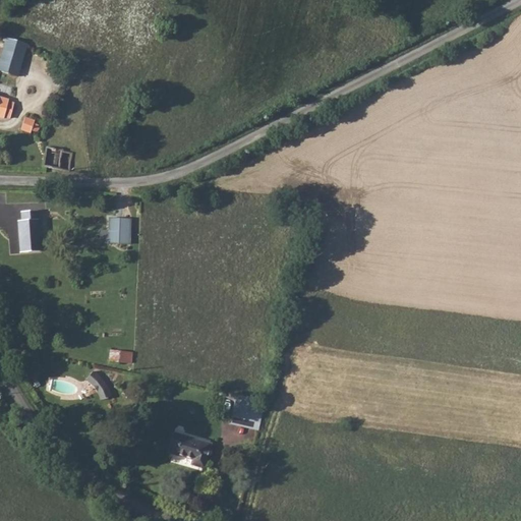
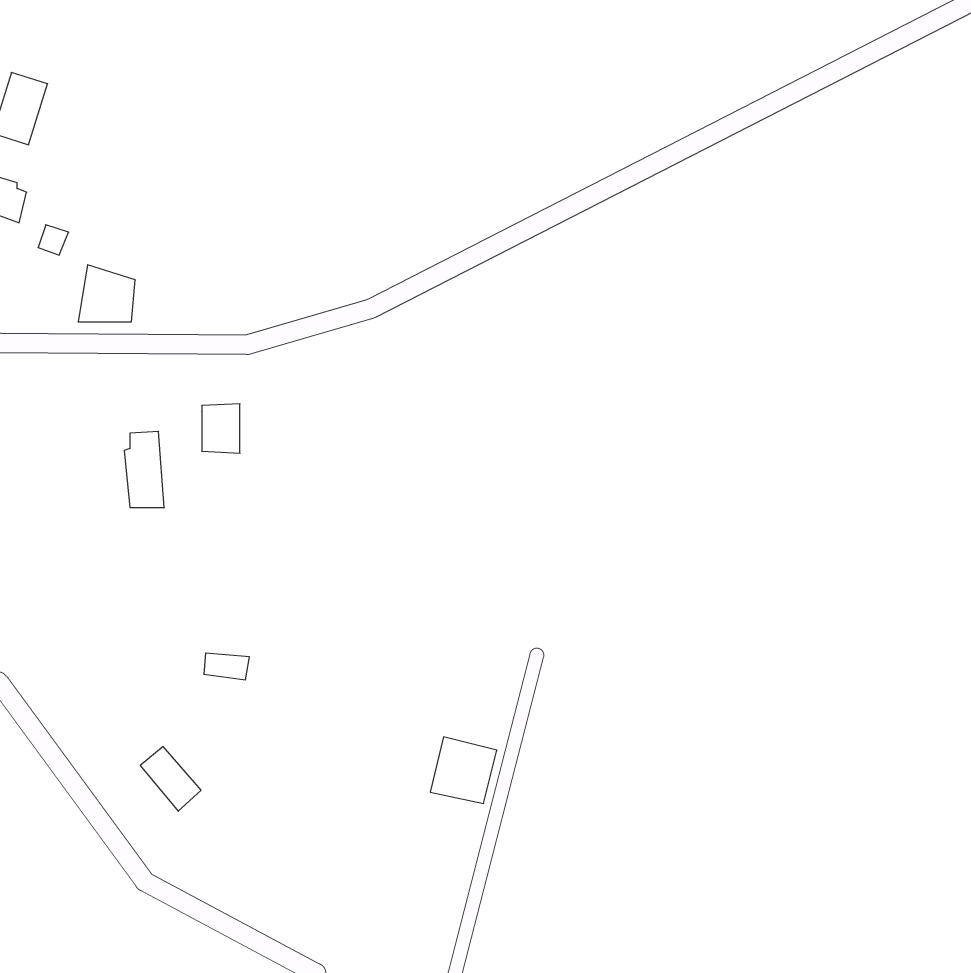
building: [14,211,36,251] -> [124,431,164,508]
building: [84,367,117,402] -> [140,746,201,811]
building: [167,436,208,466] -> none

